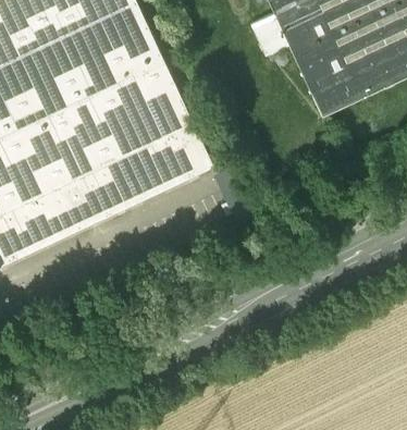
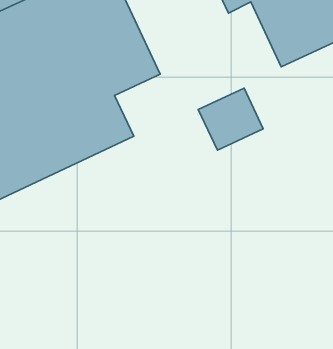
building: [143,123,212,189] -> [198,88,263,150]

